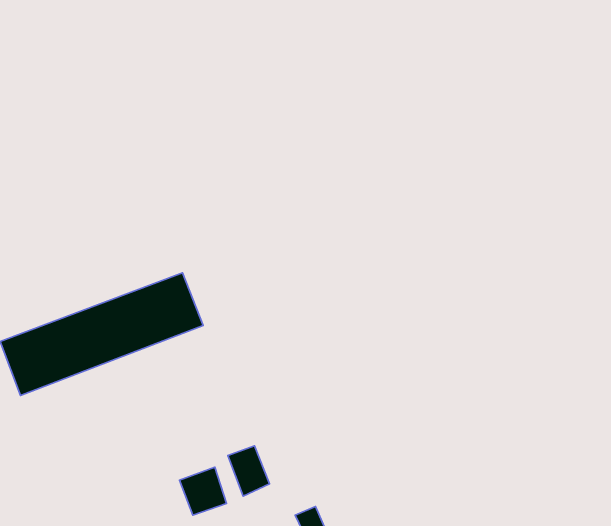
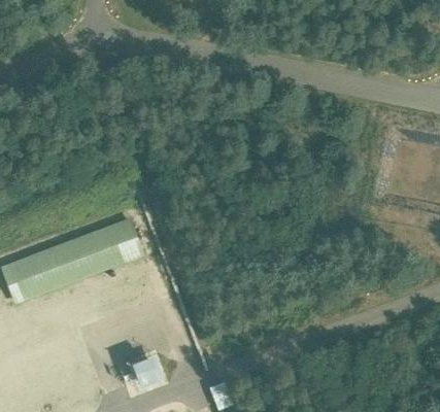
building: [228,446,269,496] -> none

